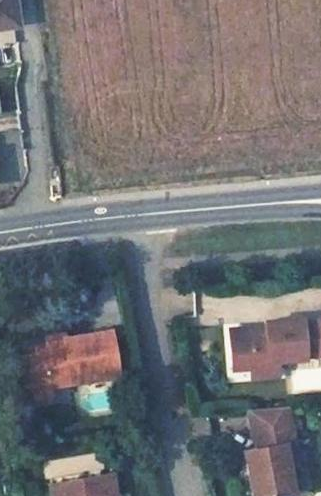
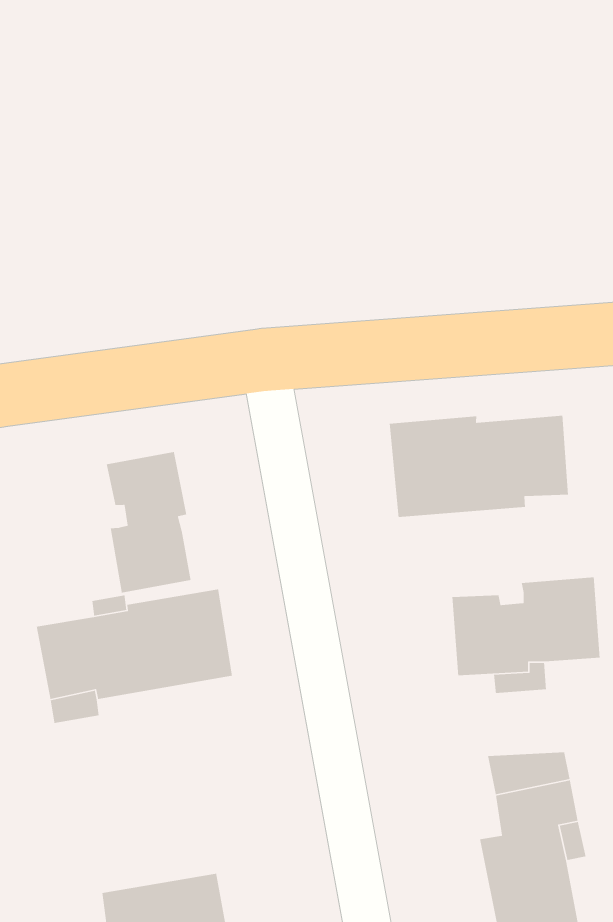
building: none -> [389,415,569,518]
building: none -> [106,451,192,594]

